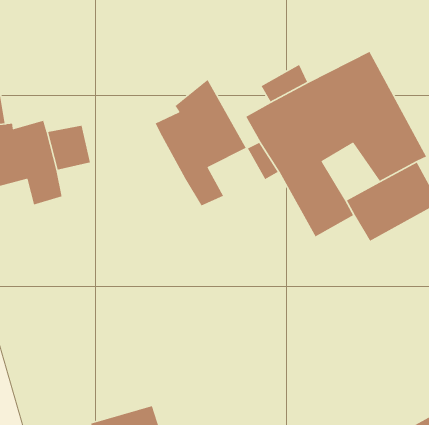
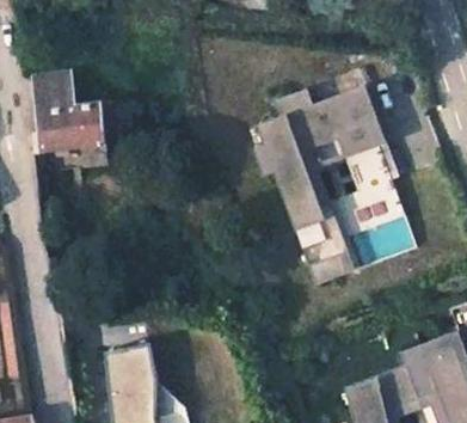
building: [155,79,247,207] -> none
building: none -> [300,214,358,283]

